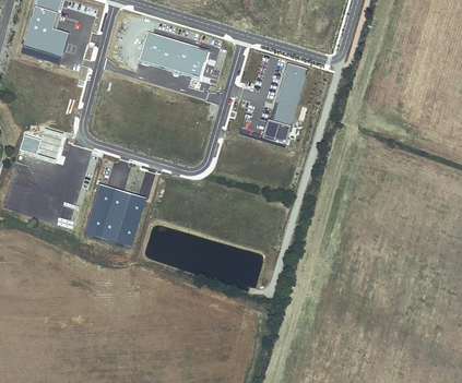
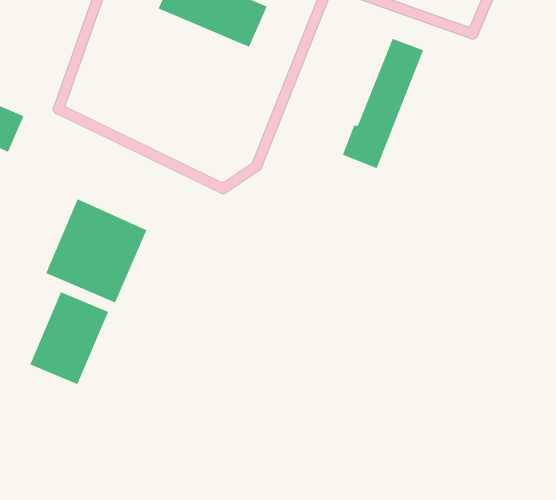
building: none -> [29,291,109,385]

